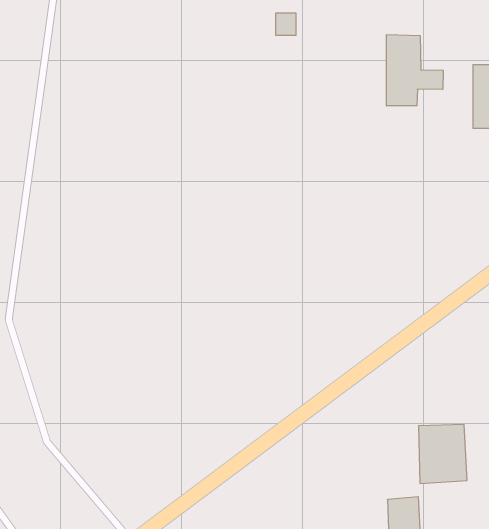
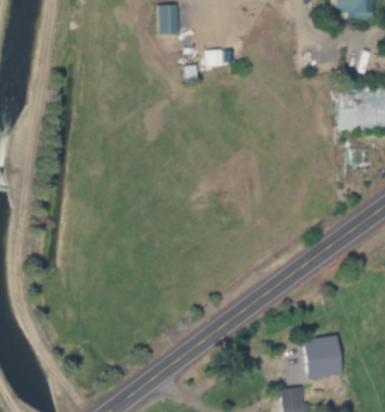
building: [387,35,443,106] -> none

